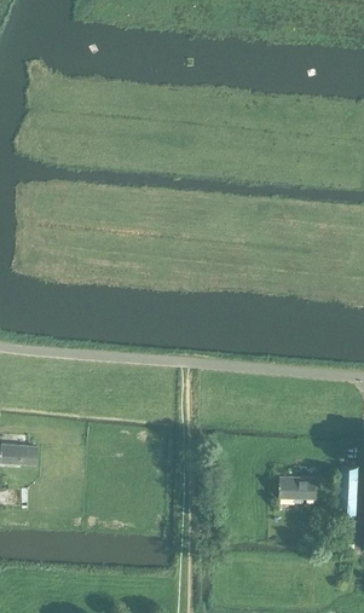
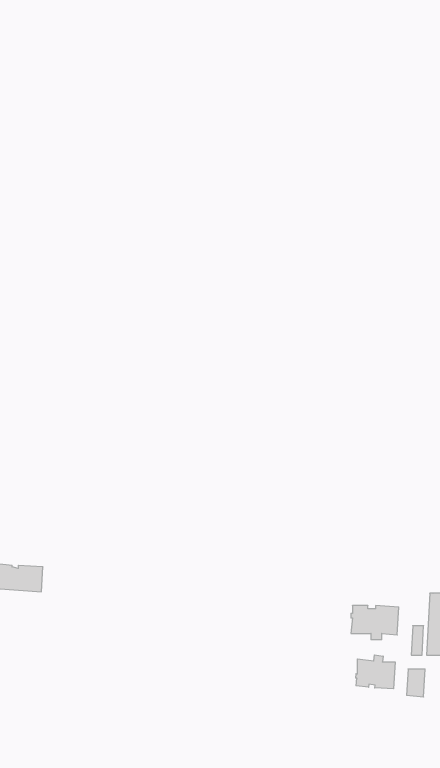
building: none -> [356,655,395,689]

